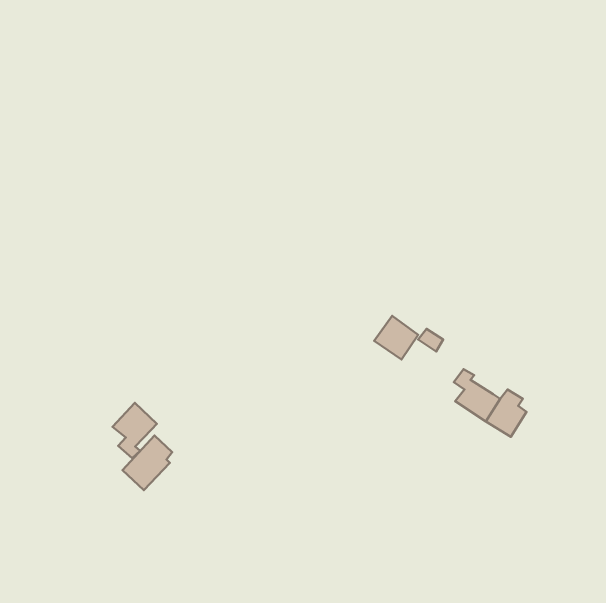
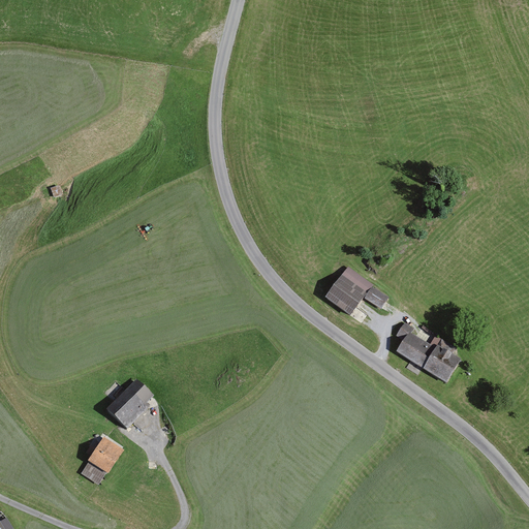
building: [112,403,157,458] -> none
building: none -> [83,436,121,480]

